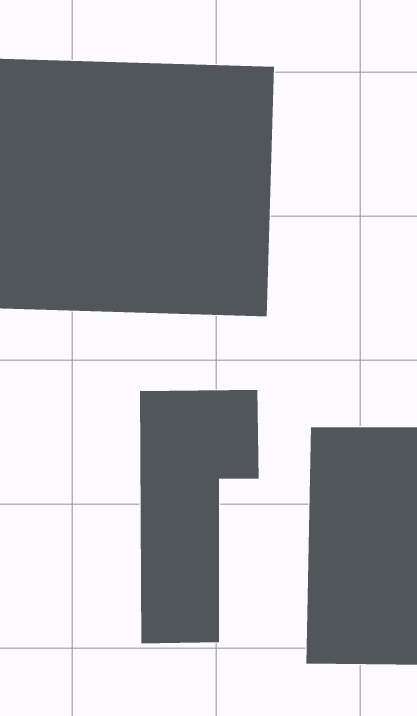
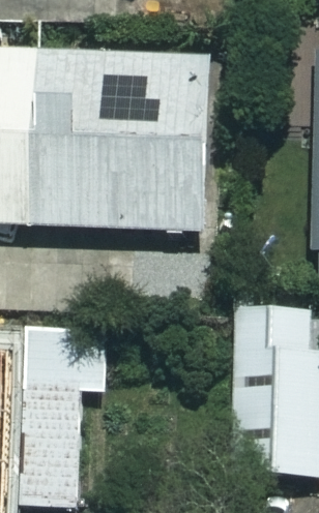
building: [139,389,260,644] -> [24,325,109,504]

